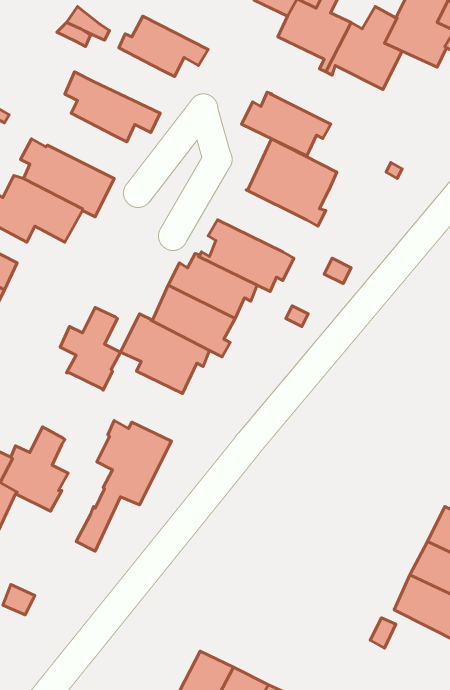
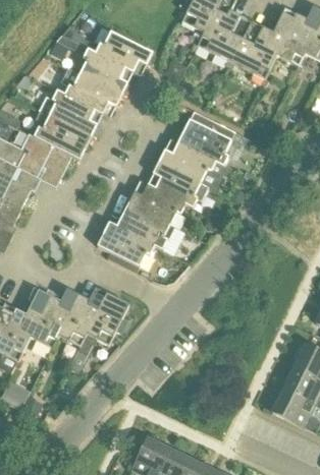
building: none -> [79,47,128,93]
building: [242,92,331,156] -> [159,140,216,181]
building: none -> [40,90,99,134]
building: [60,307,121,390] -> [53,292,92,345]

